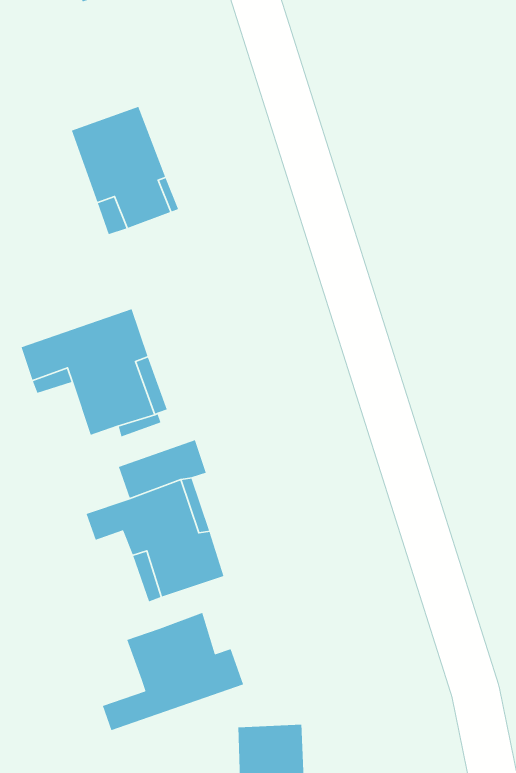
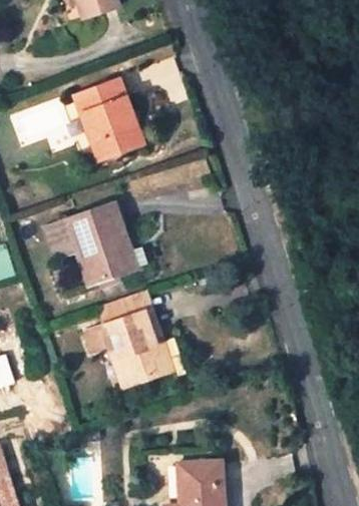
building: [102,612,244,731] -> none

